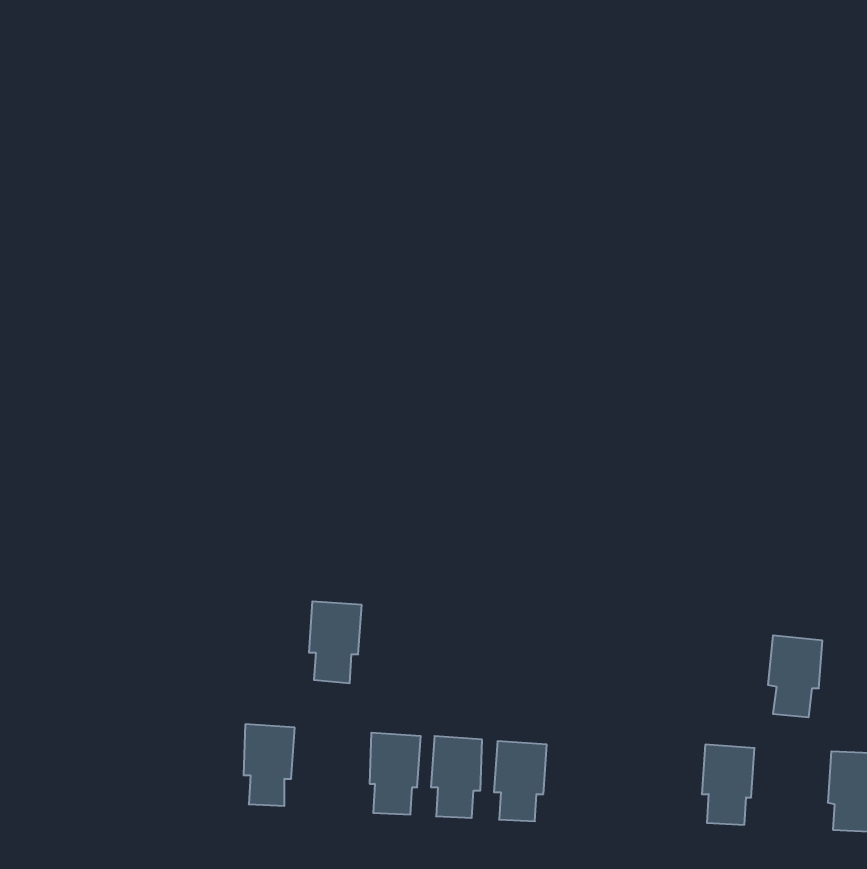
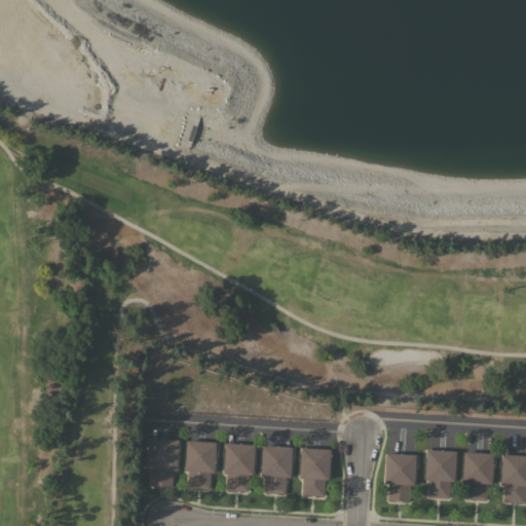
building: [309,601,362,683] -> [186,441,218,490]
building: [768,635,822,717] -> [462,452,495,501]
building: none -> [385,454,417,501]

